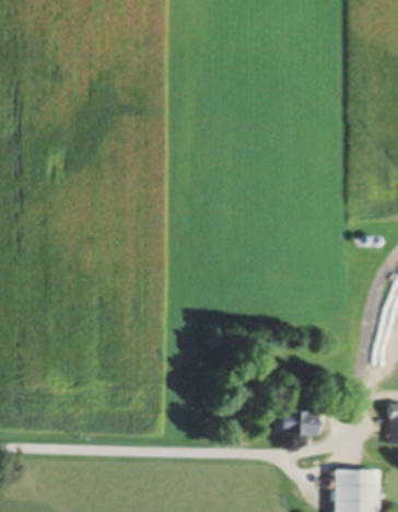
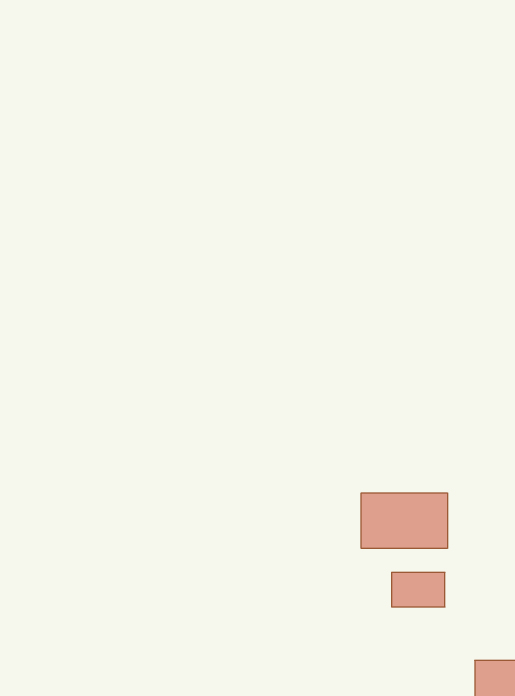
building: none -> [361,493,447,548]

